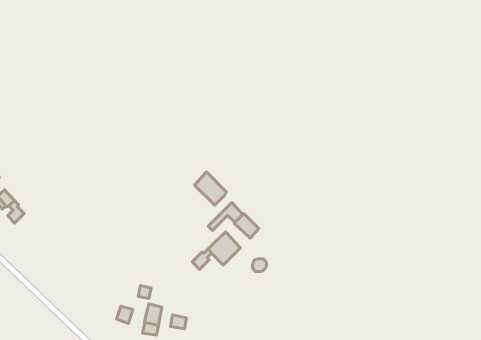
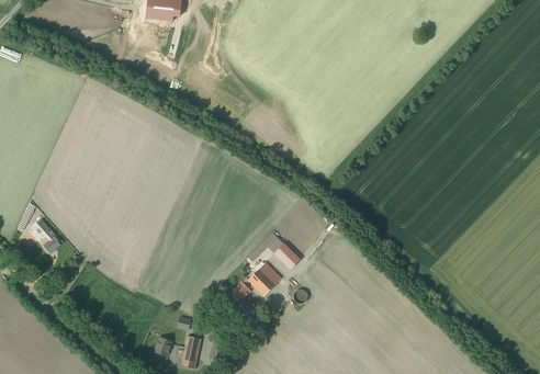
building: [195,172,227,205] -> none

